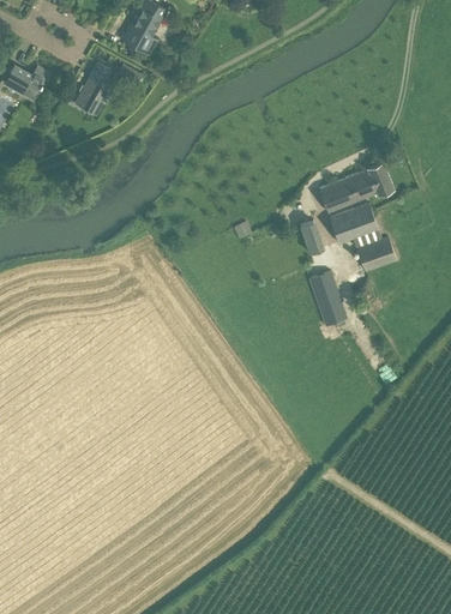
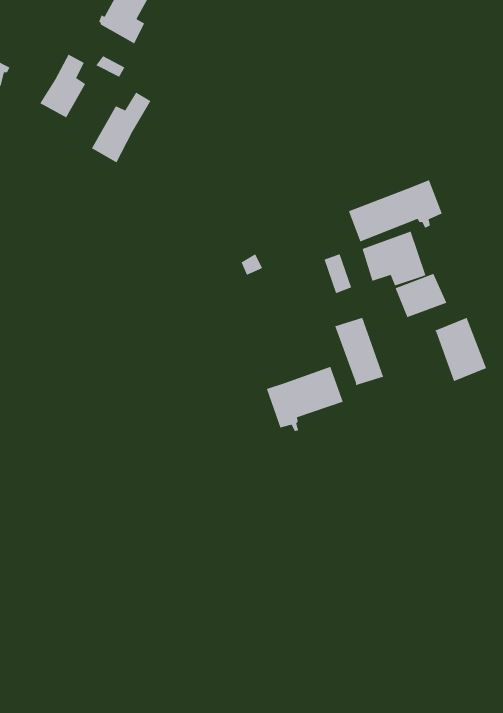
building: none -> [91,92,152,163]
building: none -> [434,317,487,382]
building: none -> [266,366,344,432]

